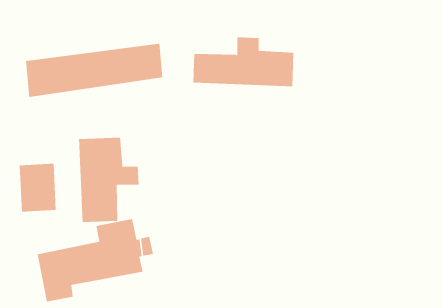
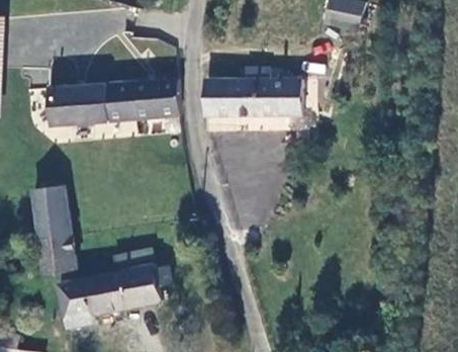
building: [78,137,139,223] -> none
building: none -> [40,239,77,270]

